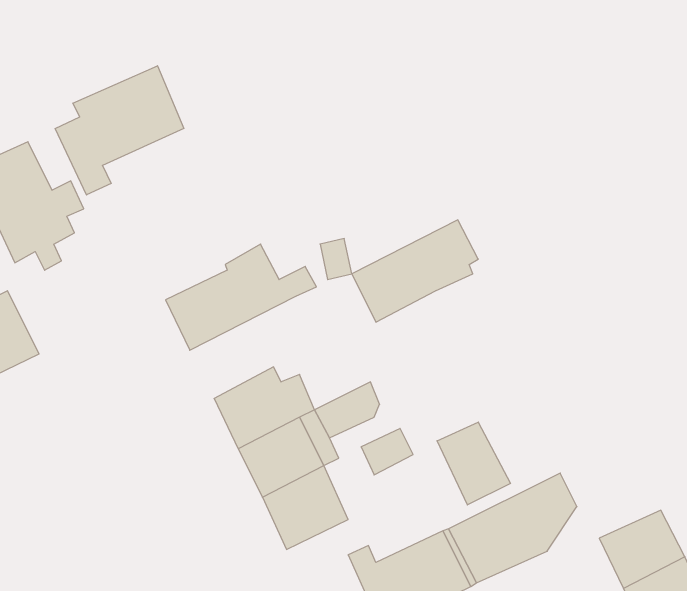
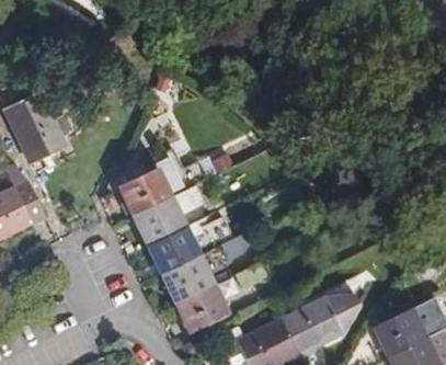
building: [55,66,184,195] -> none
building: [352,220,478,322] -> [133,183,207,243]
building: [437,422,510,505] -> none

